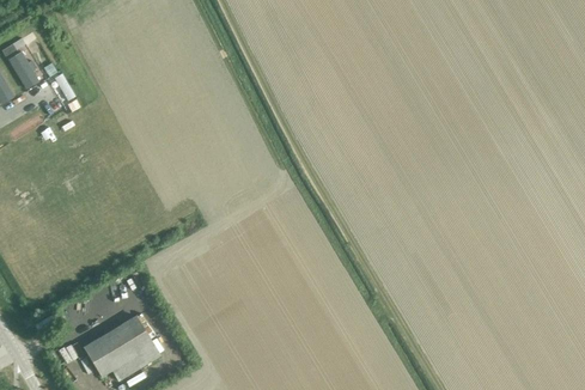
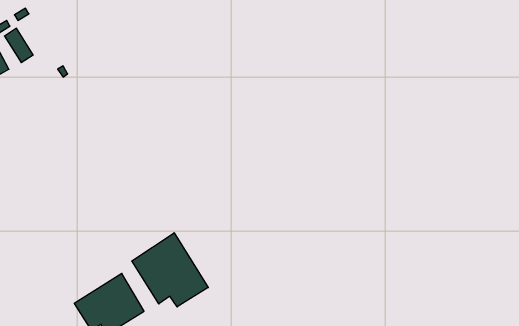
building: none -> [132,233,208,307]

